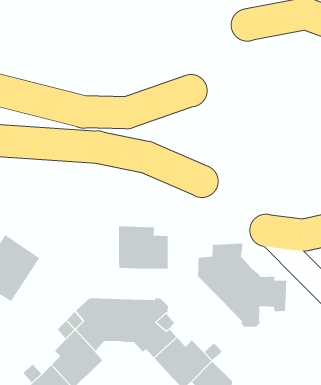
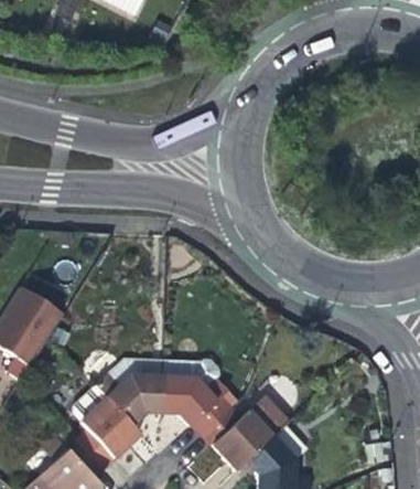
building: [118,225,168,270] -> none
building: [197,243,287,327] -> none

